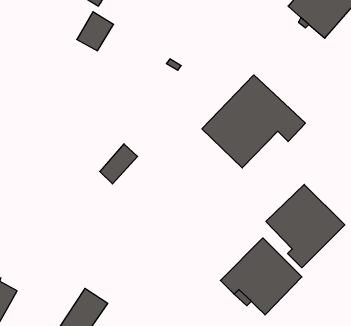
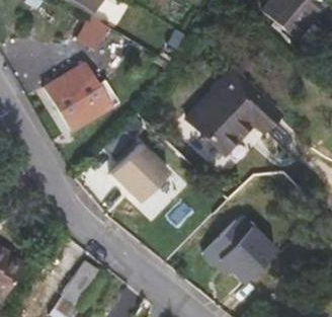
building: none -> [45,62,119,132]
building: none -> [108,143,166,201]
building: [266,184,345,268] -> none

